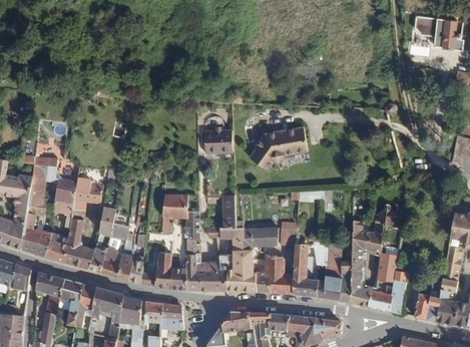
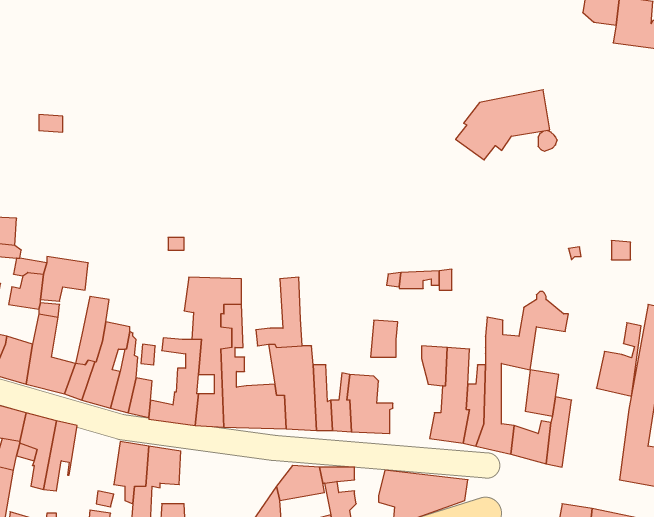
building: [249,125,308,169] -> [456,90,550,160]
building: [203,129,232,152] -> none
building: [243,227,278,249] -> none
building: [292,244,320,295] -> none
building: [414,275,442,321] -> [596,323,641,396]
building: [90,287,123,327] -> none
building: [158,303,183,331] -> none
building: [259,313,289,331] -> none

